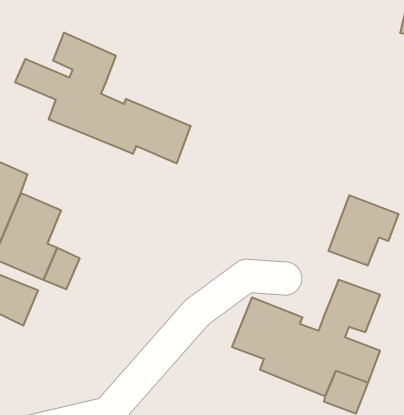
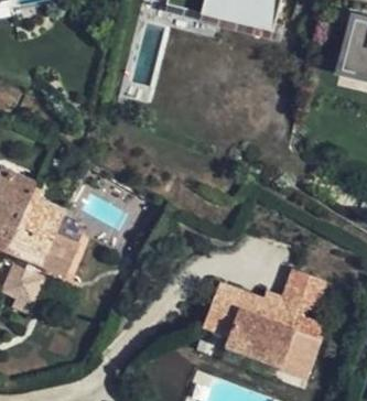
building: [15,33,191,163] -> none
building: [328,195,399,266] -> none

